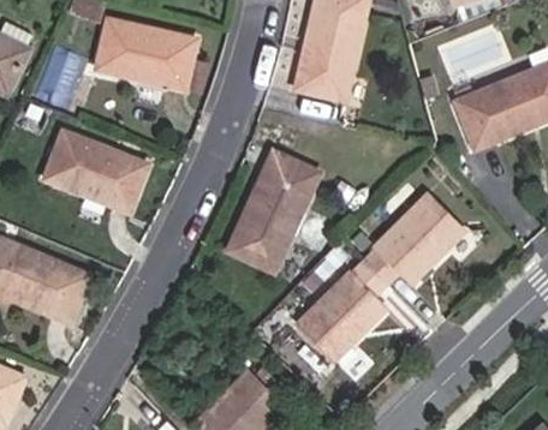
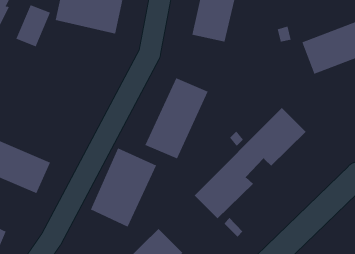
building: [43,130,147,210] -> none
building: none -> [90,148,157,228]

